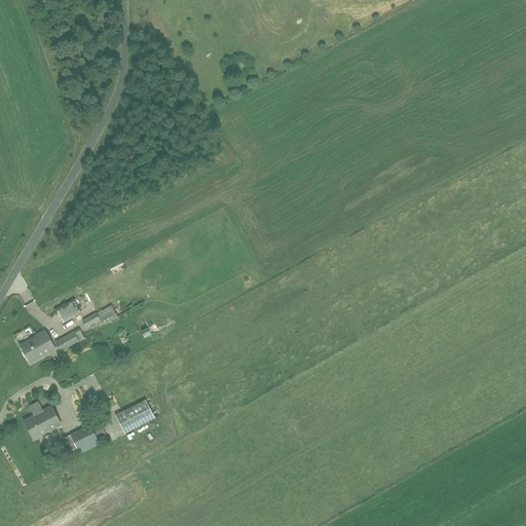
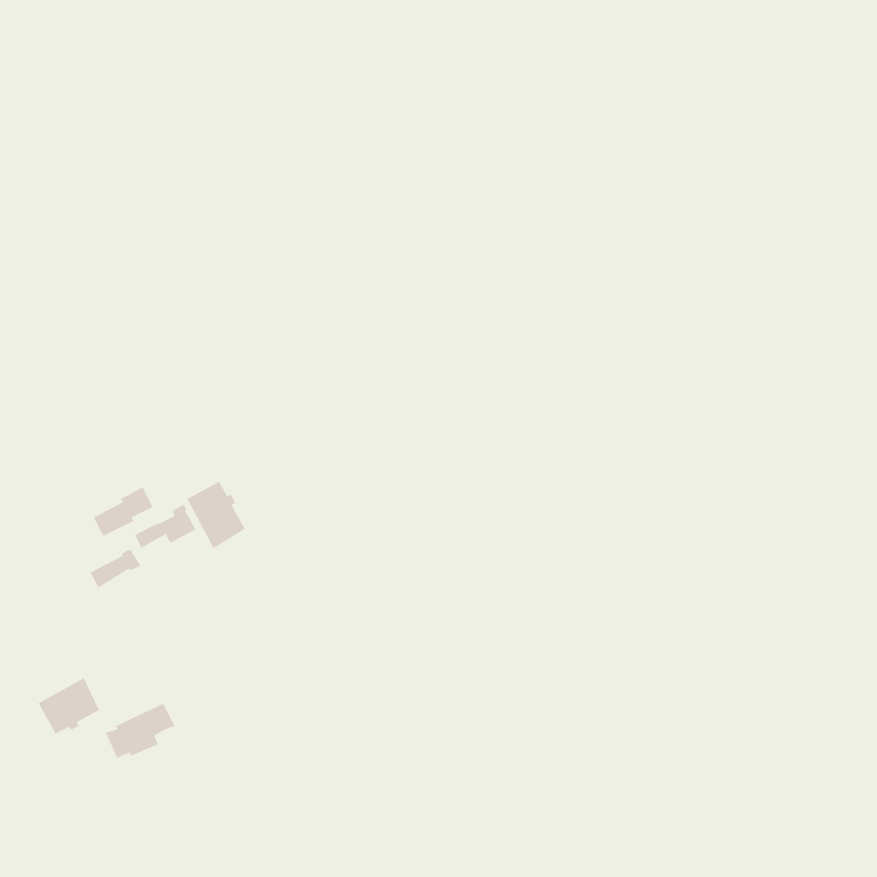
building: none -> [187,481,246,549]
building: [18,330,53,363] -> none
building: [114,399,153,433] -> none

